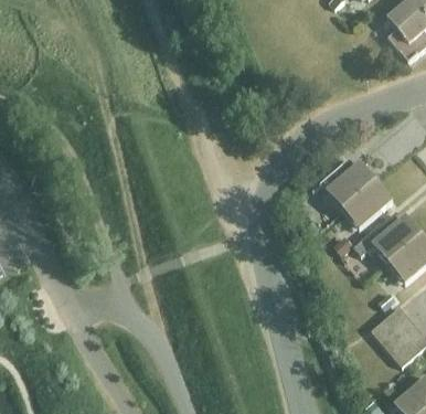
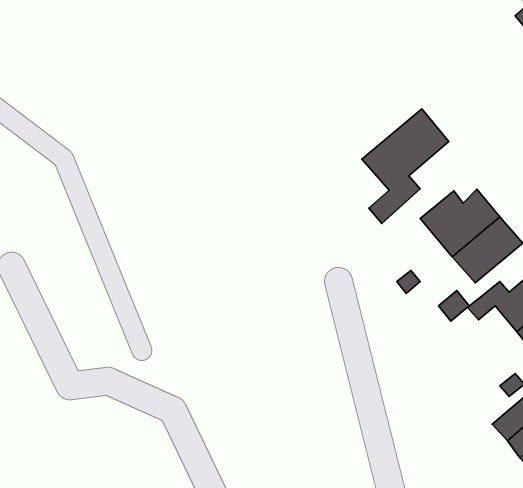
building: none -> [362,109,449,223]

